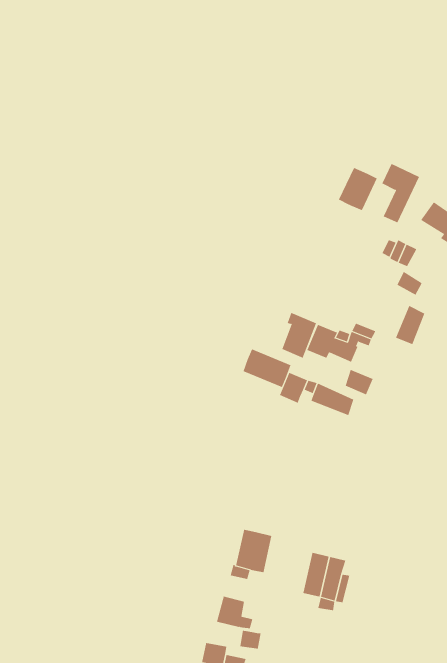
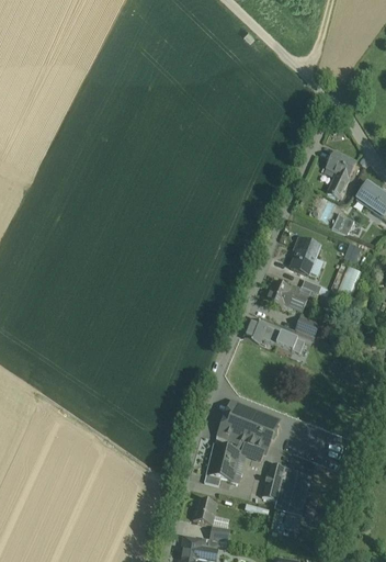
building: [338,167,378,211] -> none
building: [281,312,317,359] -> [291,237,319,274]
building: [243,348,291,388] -> none
building: none -> [215,404,279,459]

